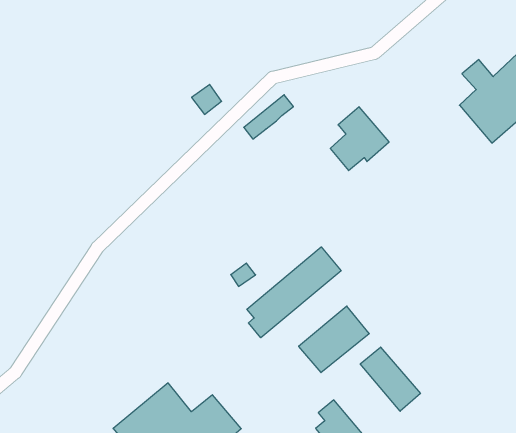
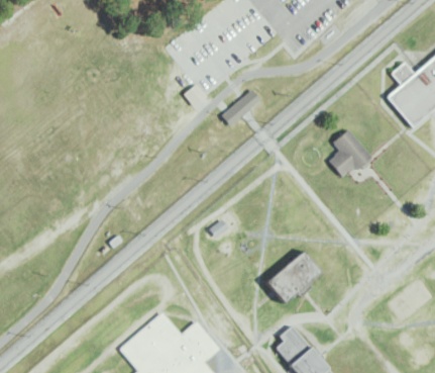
building: [330,107,389,171] -> [327,129,372,179]
building: [247,247,341,338] -> none
building: [360,347,420,411] -> none

